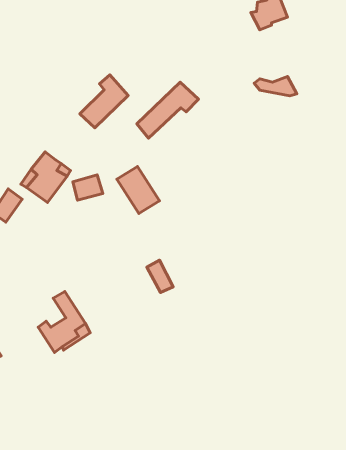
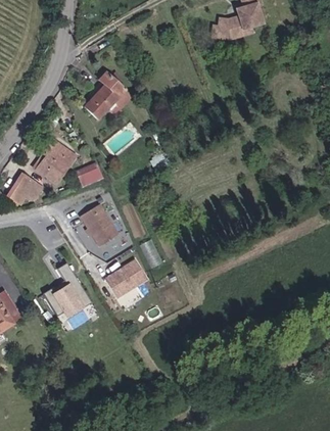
building: [254,76,297,96] -> [204,18,242,36]
building: [137,82,199,138] -> none
building: [117,166,160,214] -> [81,204,119,246]
building: none -> [105,259,148,297]

